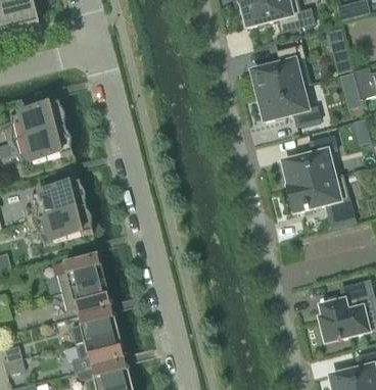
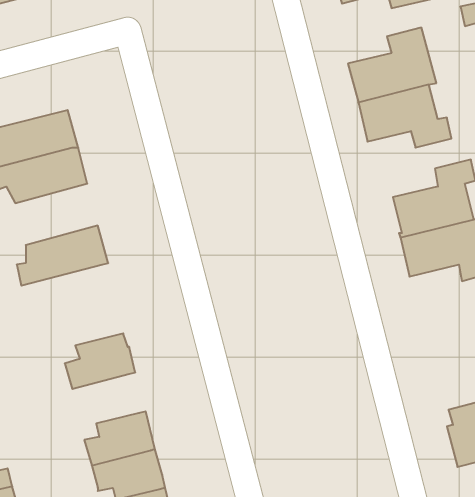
building: [28,204,93,242] -> none
building: [62,279,112,313] -> none

